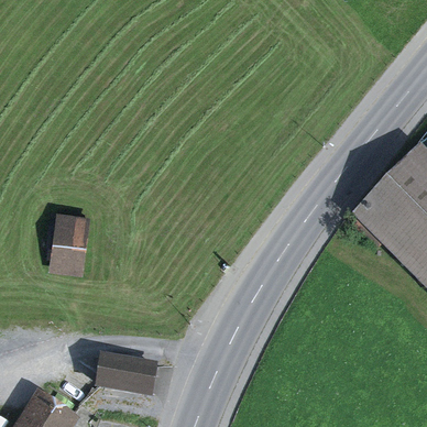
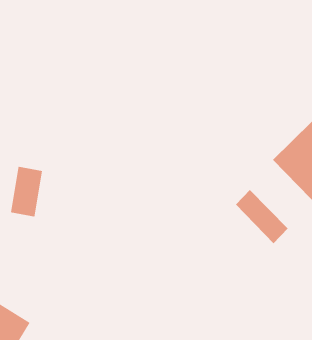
building: none -> [235,189,288,244]
building: [92,361,154,393] -> none

